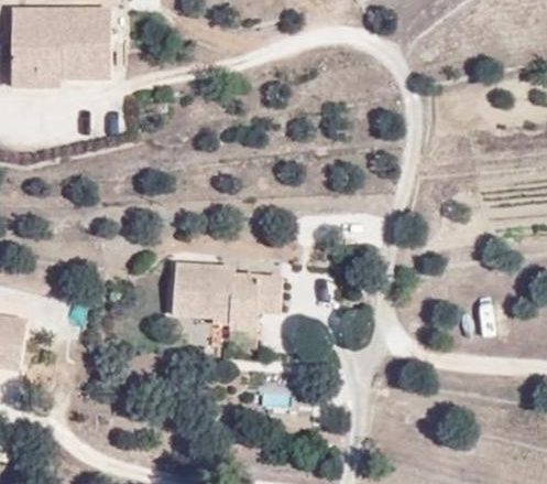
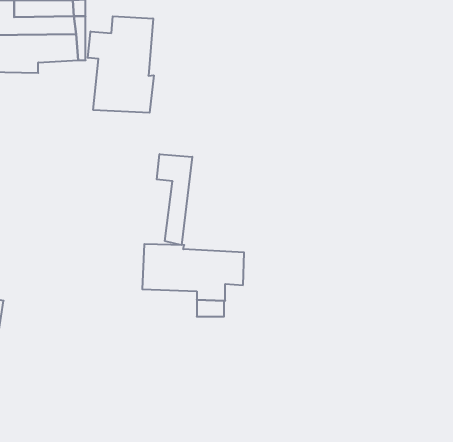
building: none -> [88,16,154,113]
building: none -> [157,154,192,245]

